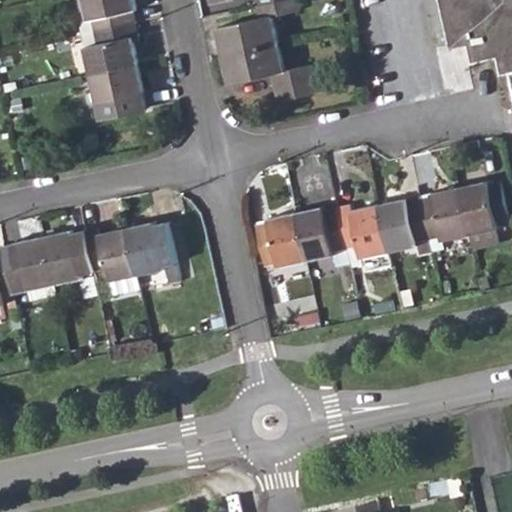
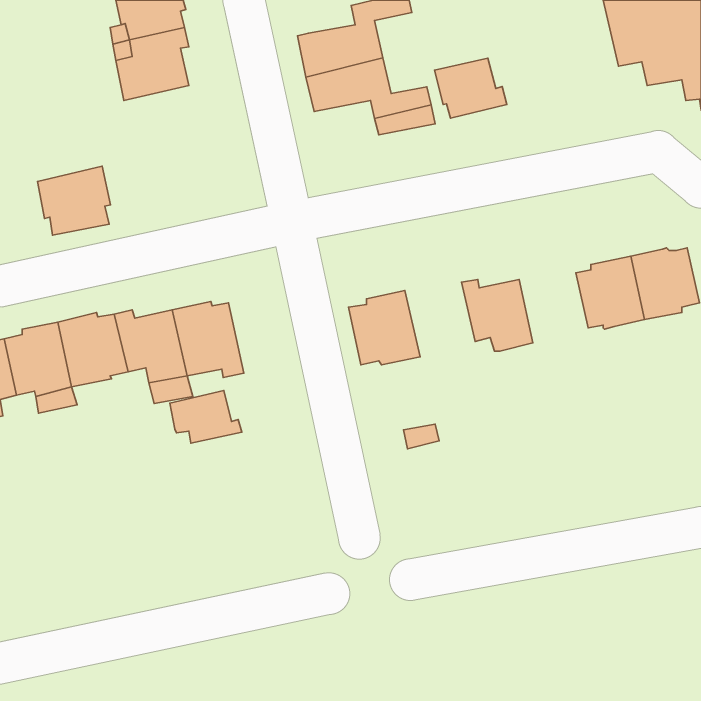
building: none -> [435,58,507,118]
building: [90,64,143,114] -> [37,166,110,235]
building: [377,200,427,251] -> none
building: [294,206,348,268] -> none
building: none -> [170,391,242,443]

